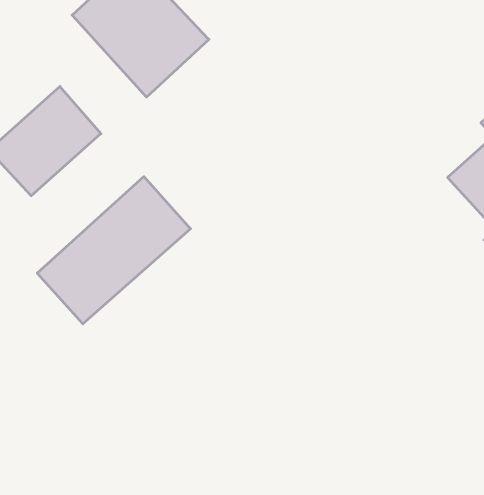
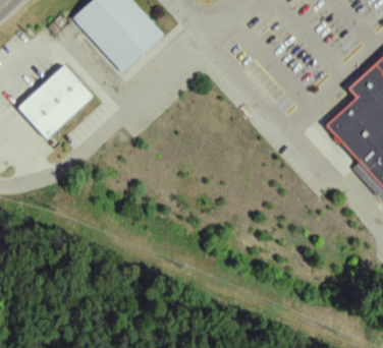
building: [37,177,191,324] -> none

